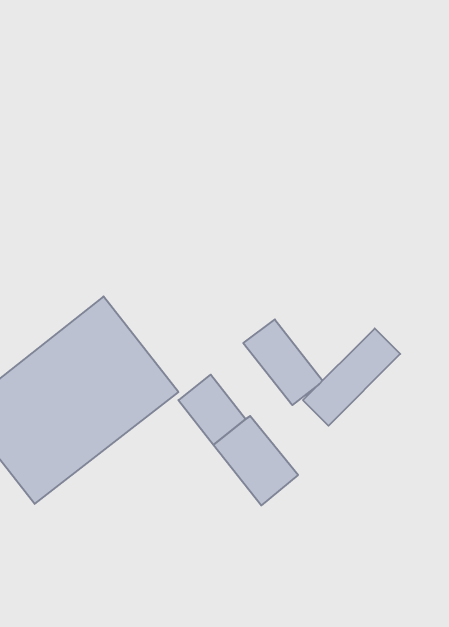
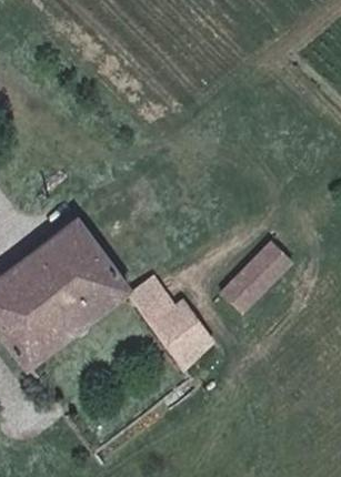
building: [243,319,322,405] -> none

